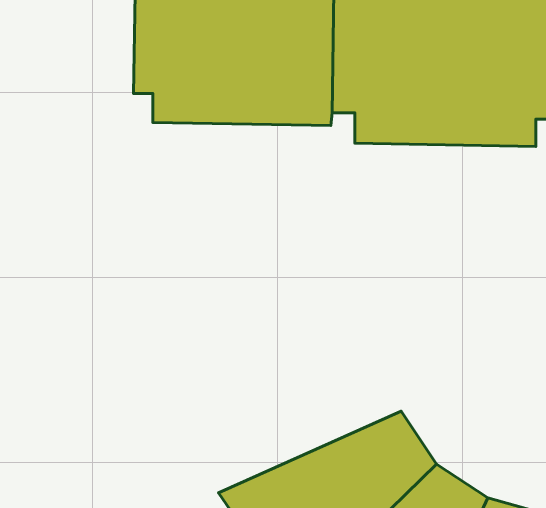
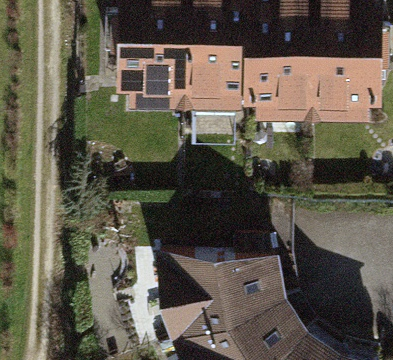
building: none -> [140,246,270,341]

